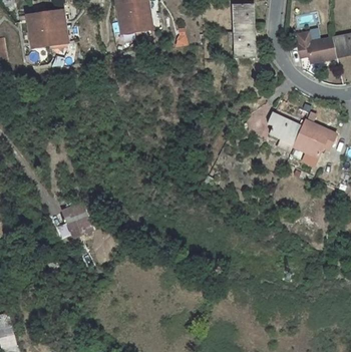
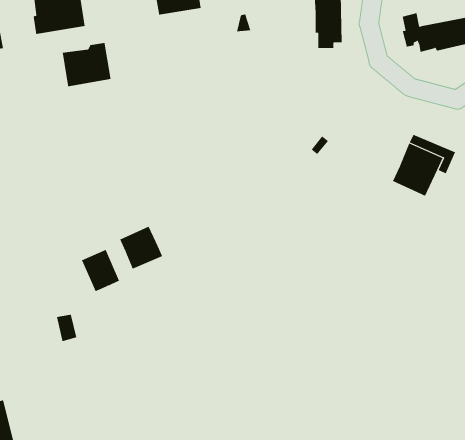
building: none -> [62,42,111,87]
building: [267,111,302,151] -> none
building: none -> [120,226,163,270]

